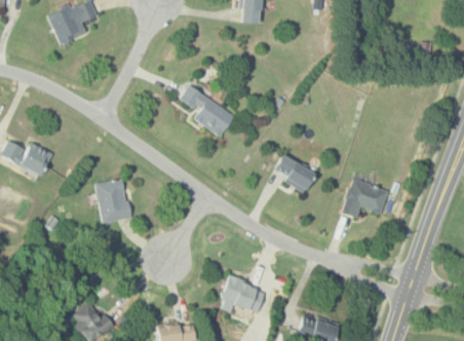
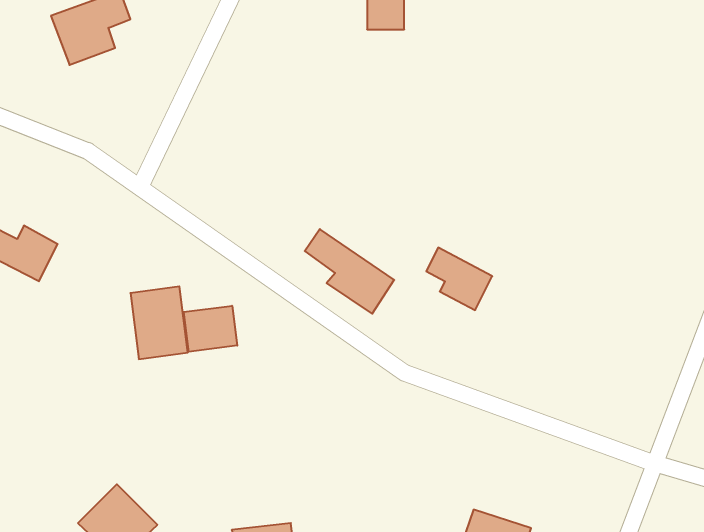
building: [180,85,234,137] -> [305,229,394,314]
building: [342,178,388,218] -> none
building: none -> [184,306,237,352]
building: [219,276,266,315] -> none

